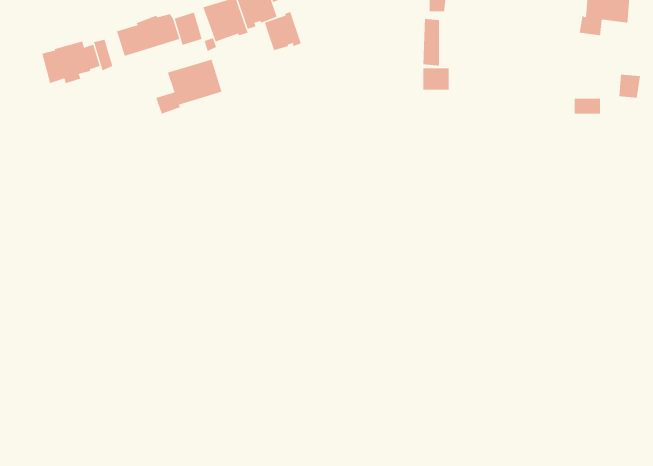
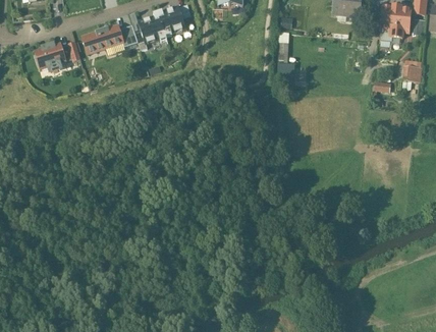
building: [264,11,301,51] -> none
building: [155,59,222,115] -> none

